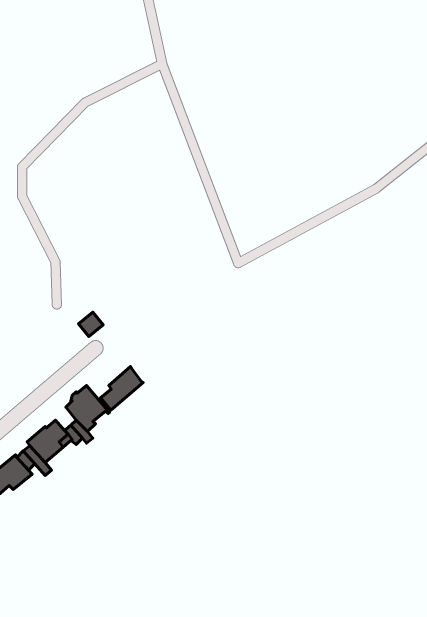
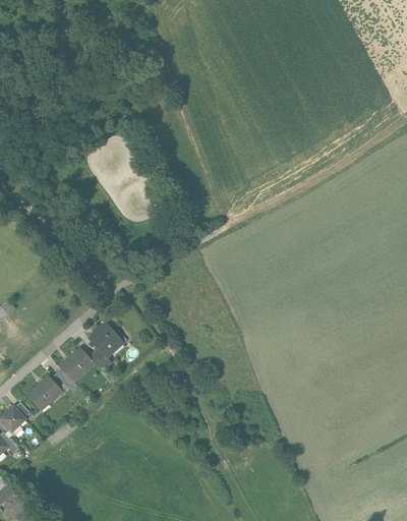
building: [101,367,143,410] -> none

